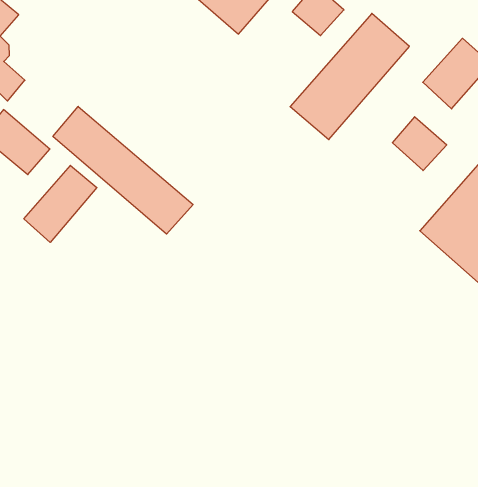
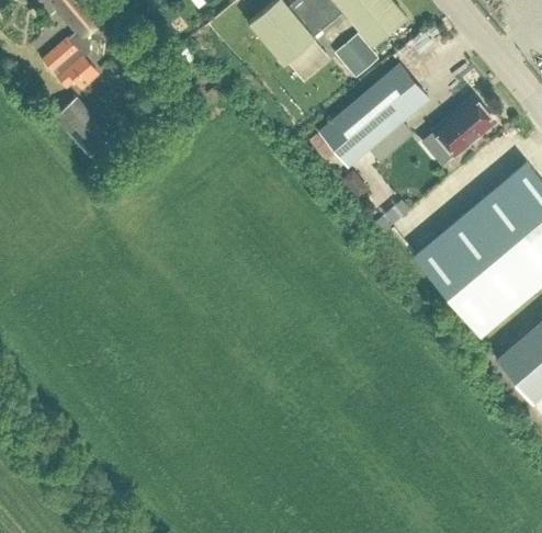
building: [53,106,193,234] -> none
building: [392,117,447,171] -> none
building: [24,165,97,242] -> none

